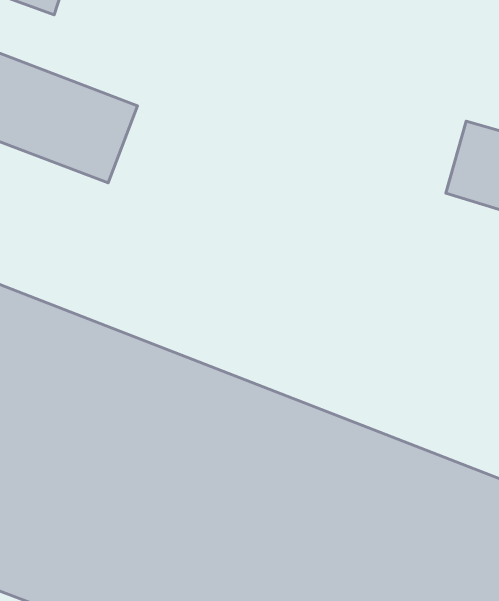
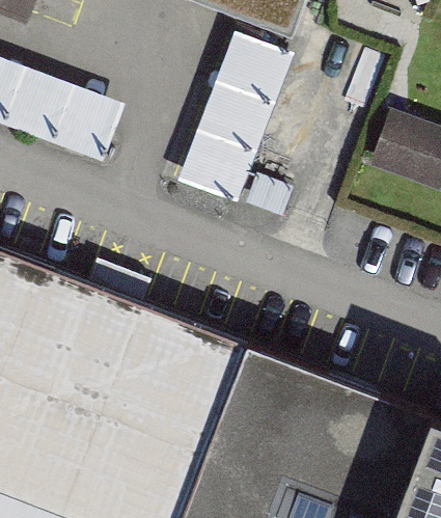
building: none -> [173,36,292,210]

